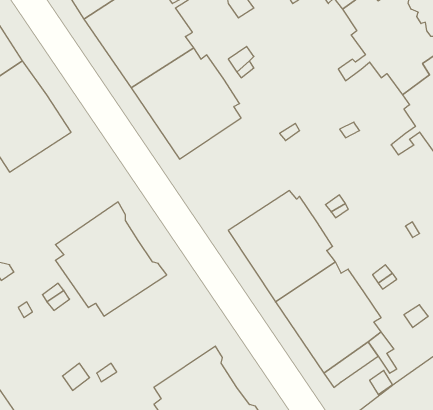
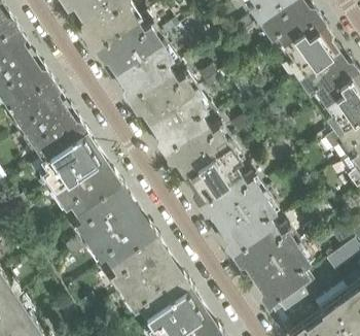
building: none -> [163,120,242,201]
building: none -> [40,130,118,211]
building: none -> [108,233,188,314]

